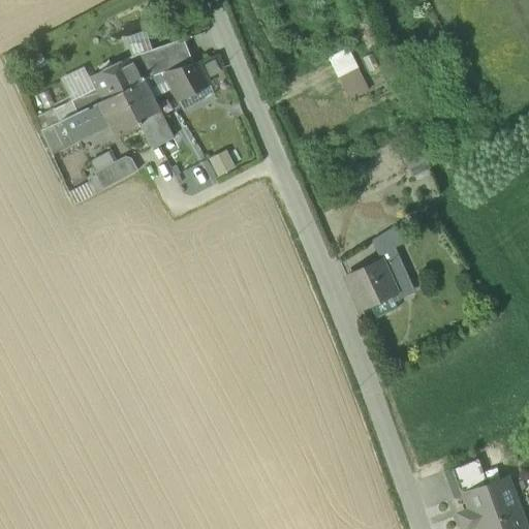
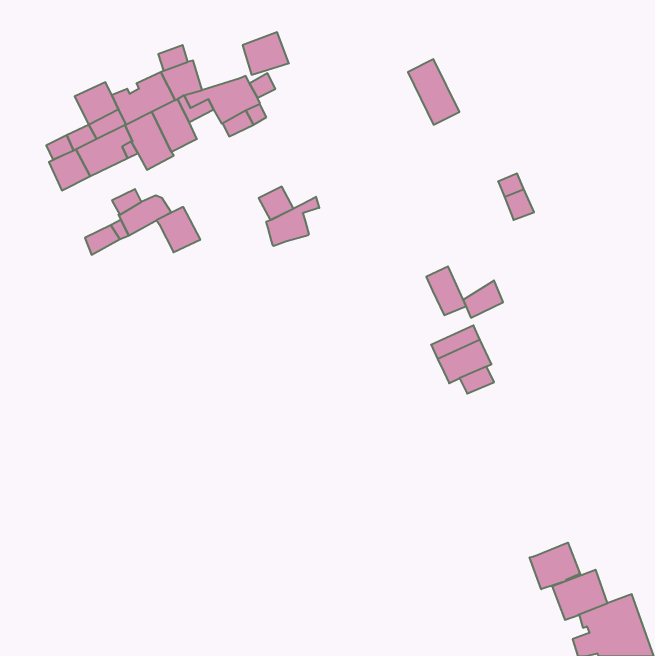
building: [157,38,194,72] -> [243,32,289,75]
building: [139,112,175,148] -> [157,207,200,252]
building: none -> [266,197,319,246]
building: [382,253,414,292] -> [426,266,466,315]
building: none -> [530,543,580,589]

